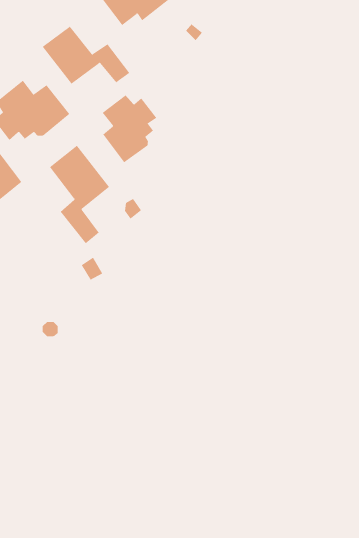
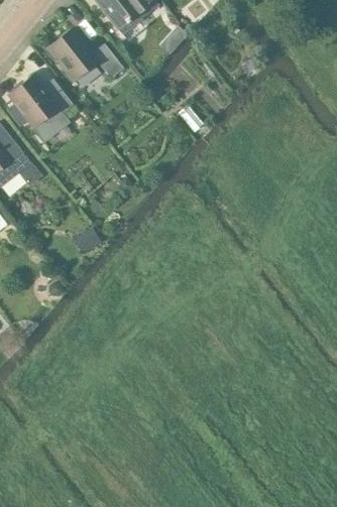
building: [102,94,157,163] -> none
building: [49,145,110,244] -> none

